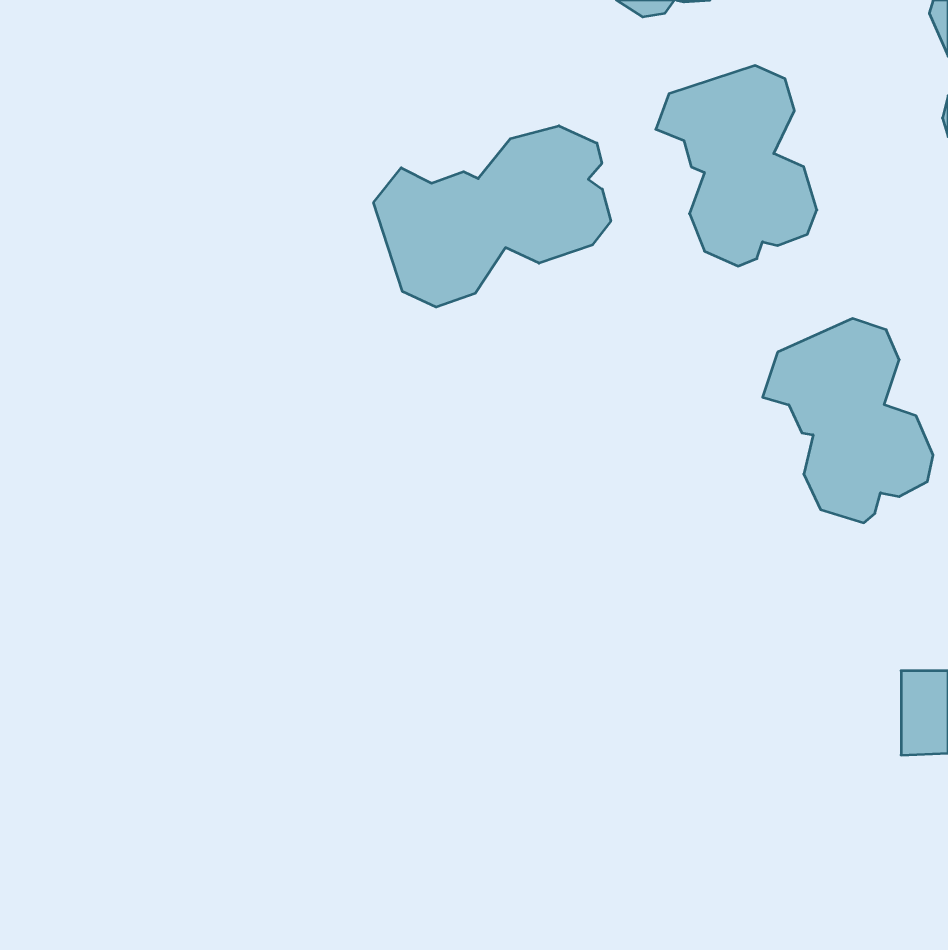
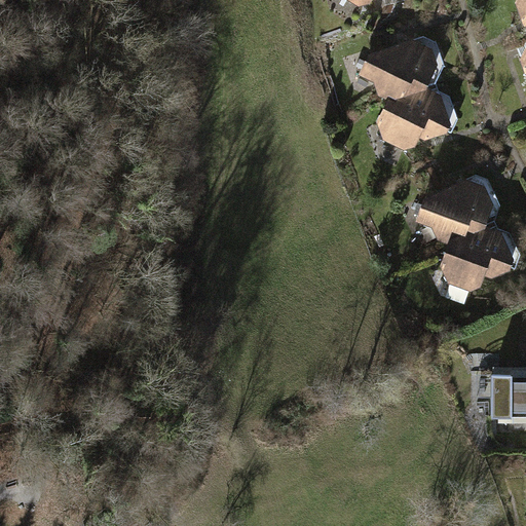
building: [374,126,611,307] -> none

